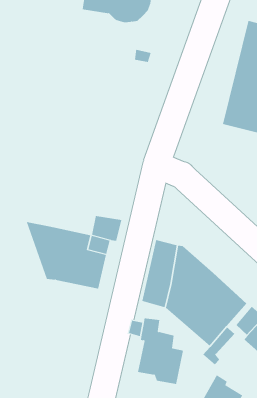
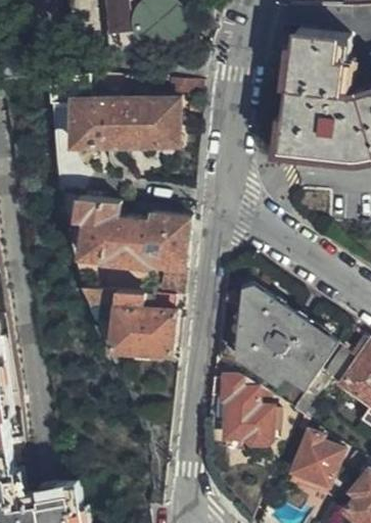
building: none -> [51,75,176,145]
building: none -> [77,194,189,266]

